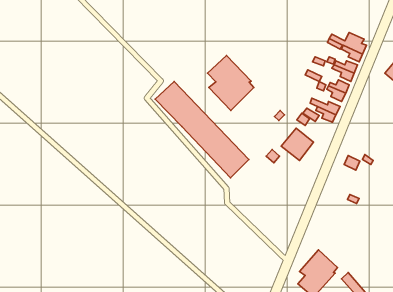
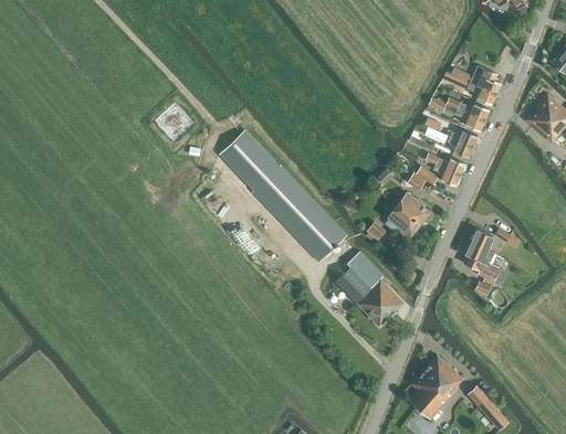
building: [207,56,254,110] -> none
building: none -> [465,242,500,279]
building: none -> [335,252,403,326]

